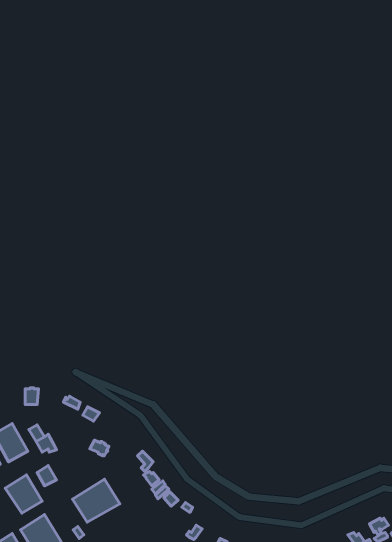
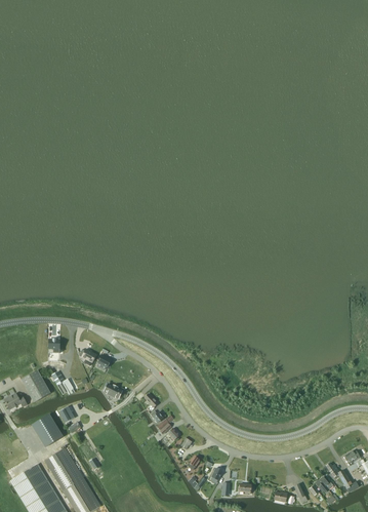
building: [73,479,120,522] -> none

